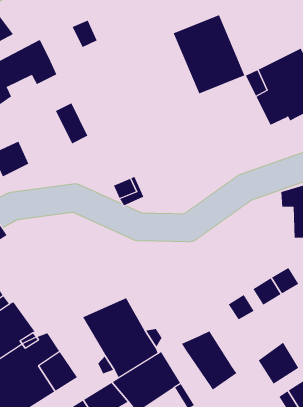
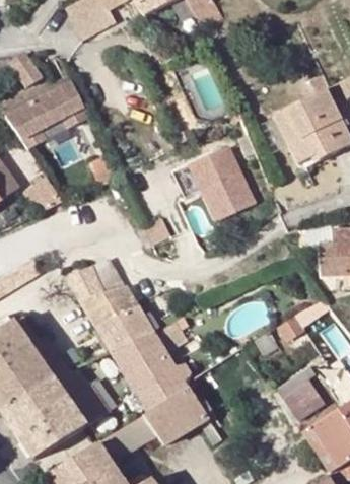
building: [173,15,245,94] -> [187,144,258,222]
building: none -> [65,258,154,353]
building: [181,330,237,391] -> none

